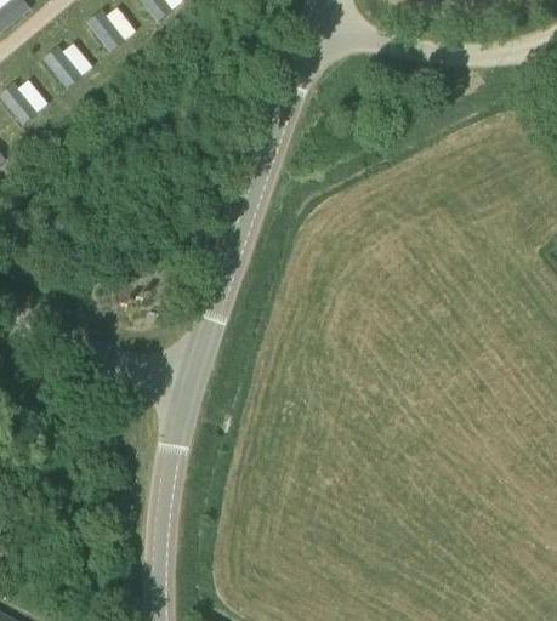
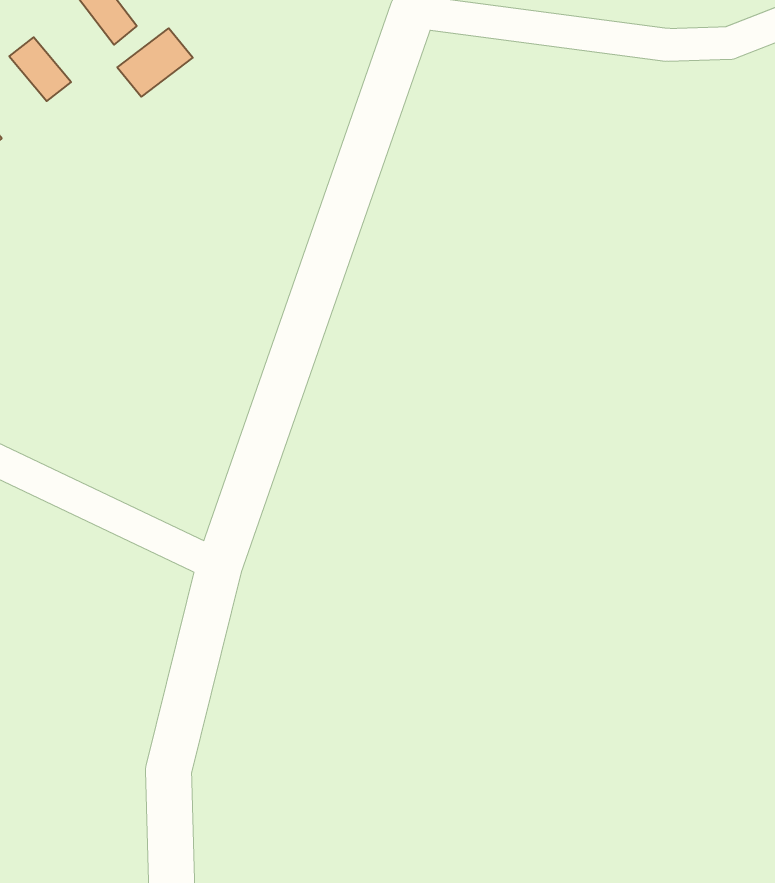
building: none -> [117,28,193,97]

